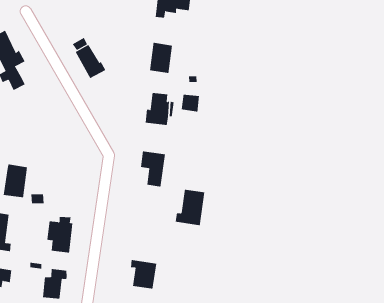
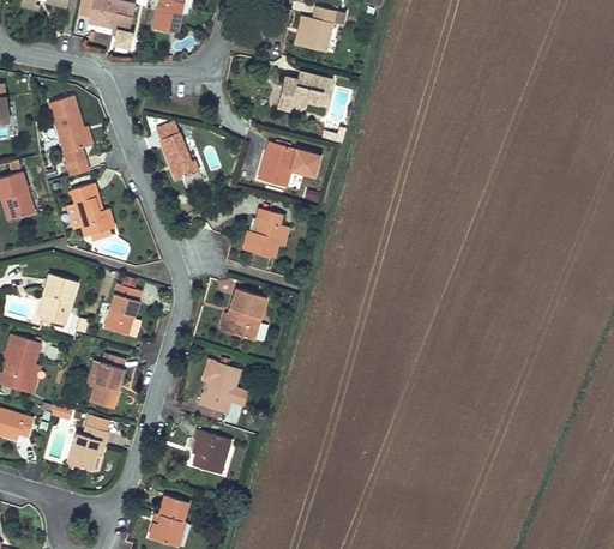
building: none -> [64,182,113,235]
building: [181,94,200,112] -> [289,150,318,177]
building: none -> [102,283,139,336]
building: [175,189,205,226] -> [195,361,242,414]

